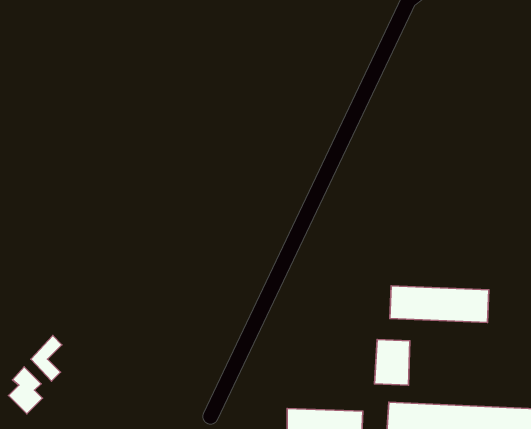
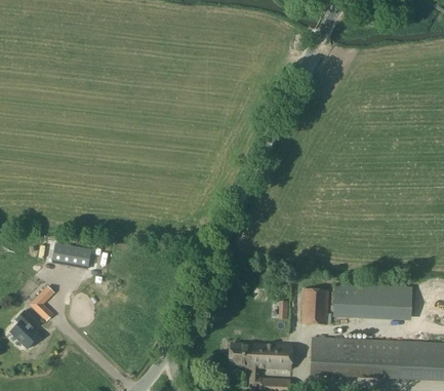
building: none -> [52,243,91,269]
building: [390,286,489,322] -> [334,284,412,313]

